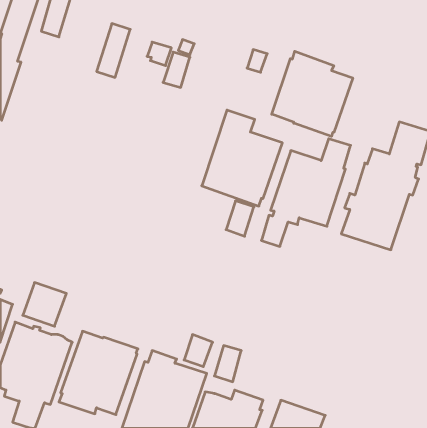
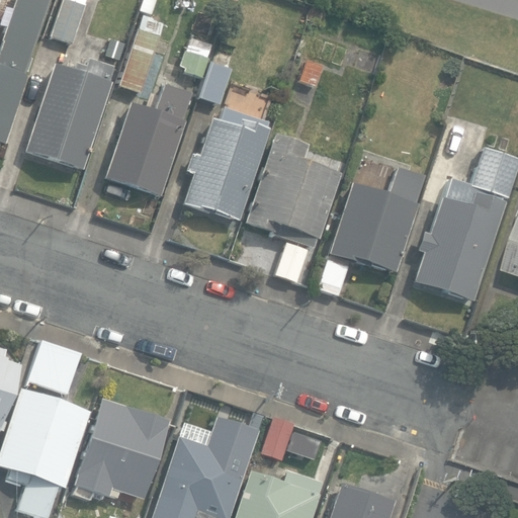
building: none -> [26,59,115,170]
building: [272,51,353,136] -> none
building: none -> [105,84,192,196]
building: none -> [183,107,269,220]

